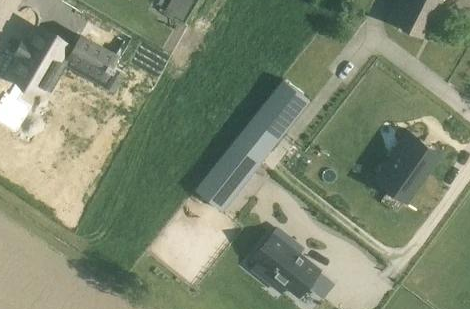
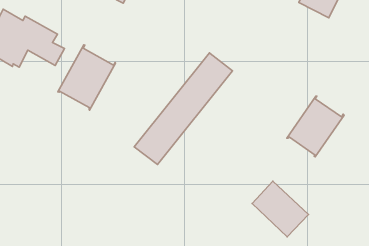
building: none -> [58,45,116,110]
building: [257,233,323,298] -> [252,181,308,237]

